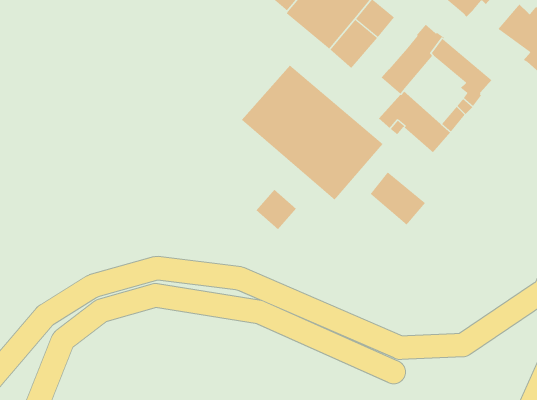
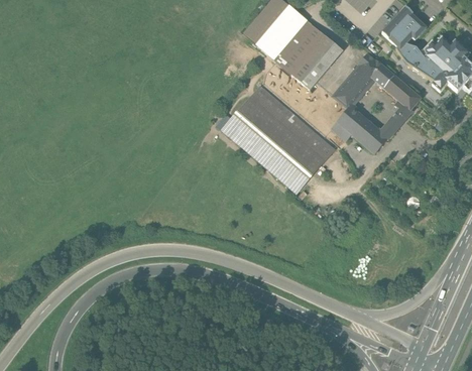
building: none -> [396,42,450,92]
building: [370,171,426,226] -> none
building: [256,189,297,230] -> none

